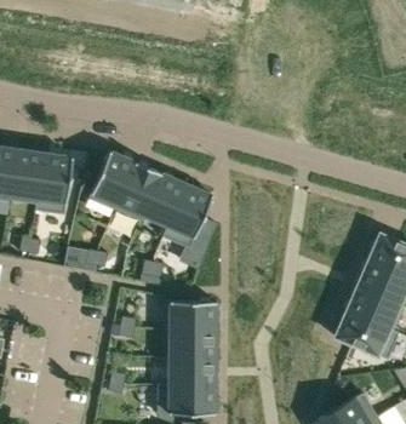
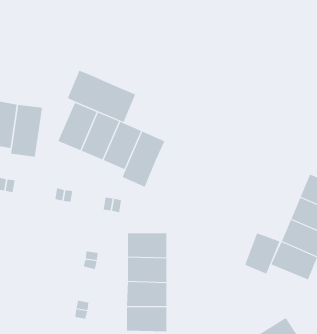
building: none -> [67,70,136,123]
building: none -> [244,232,280,274]

